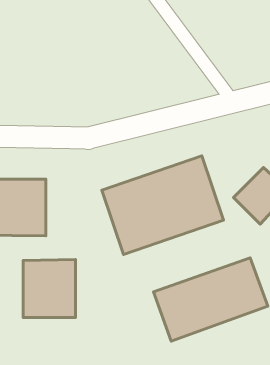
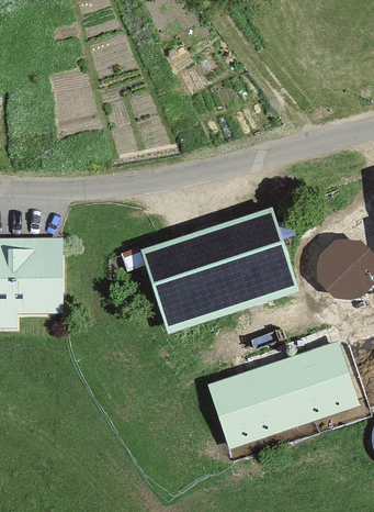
building: [23,260,76,318] -> none

